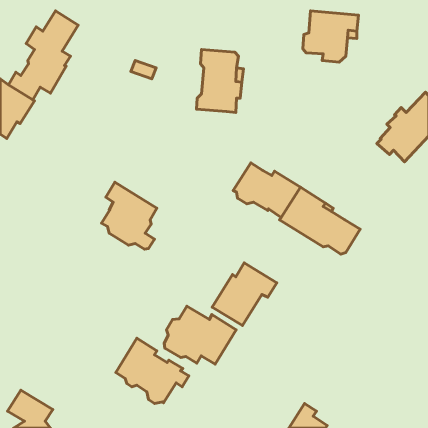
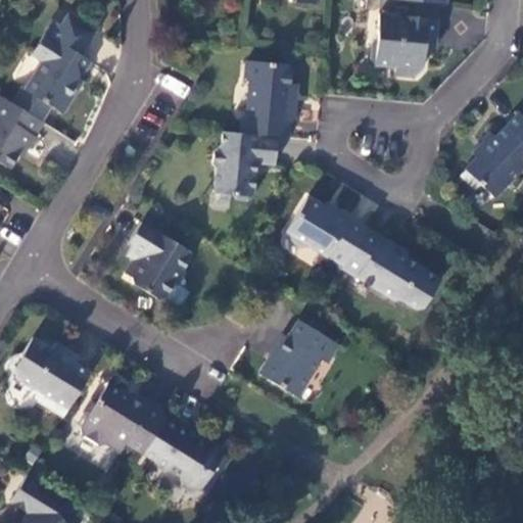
building: none -> [211,131,277,201]
building: none -> [15,337,90,416]
building: [164,306,236,364] -> [80,383,168,454]

